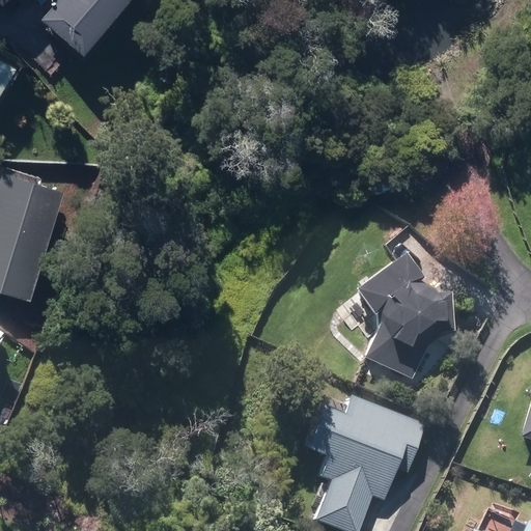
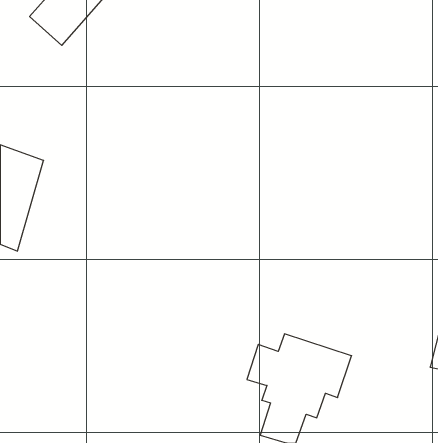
building: [352,256,456,379] -> none

